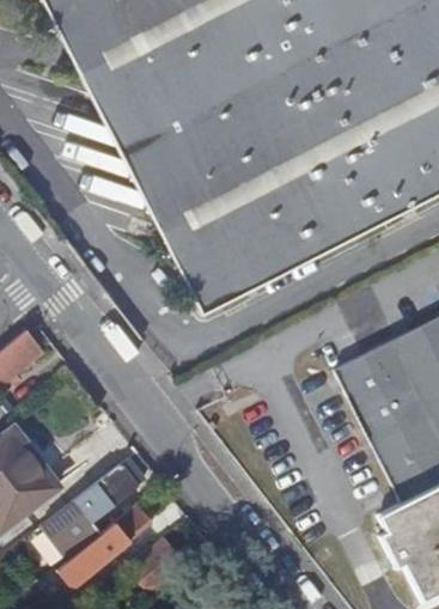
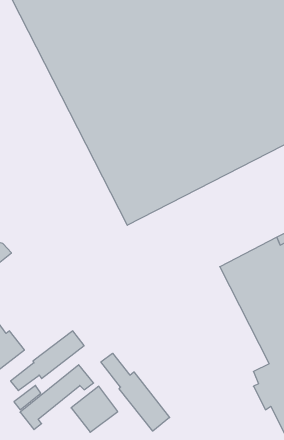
building: none -> [101,353,170,431]

